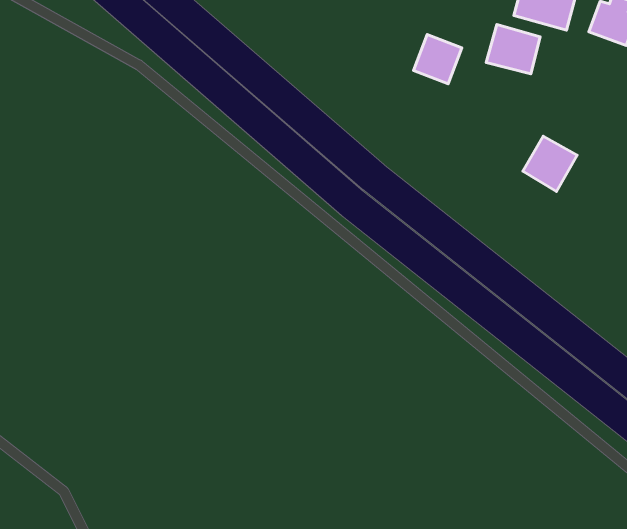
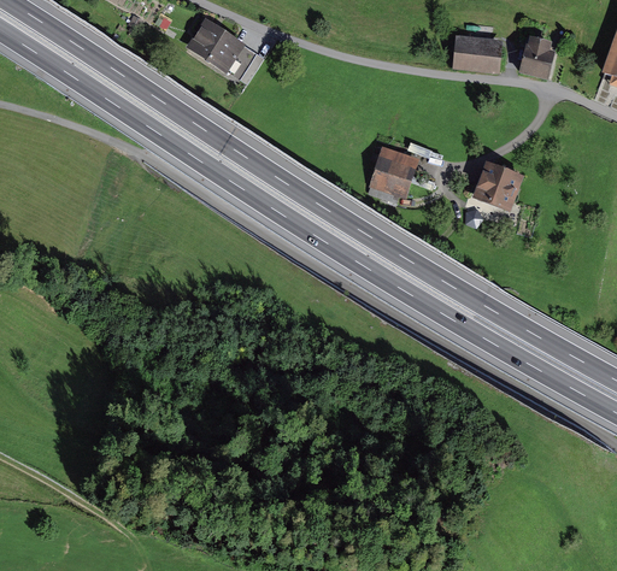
building: [486,25,540,74] -> none
building: [414,35,462,84] -> [375,152,413,192]

